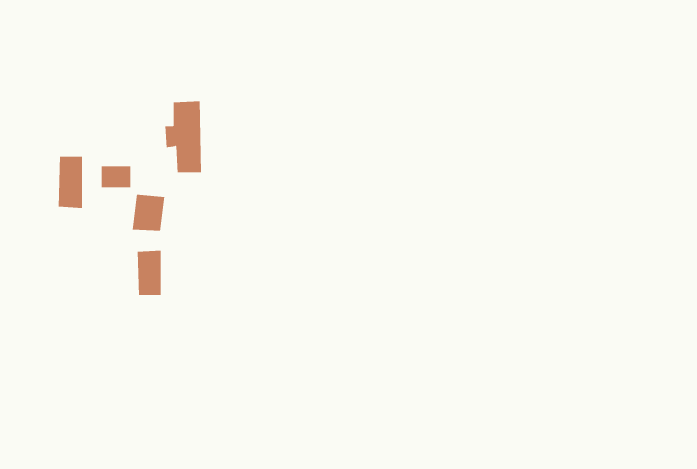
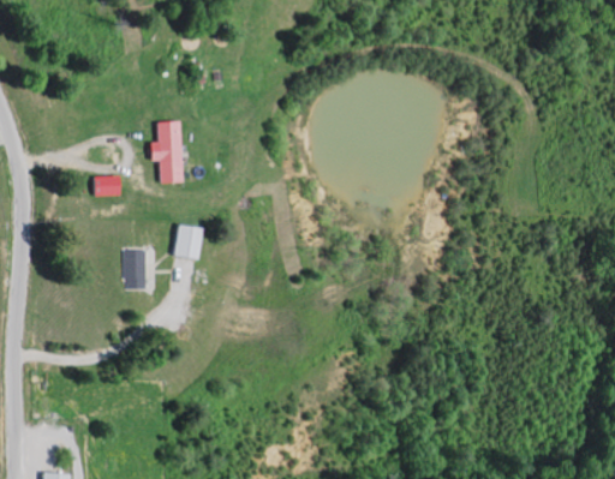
building: [58,156,83,209] -> none
building: [132,194,165,231] -> [173,226,202,258]

